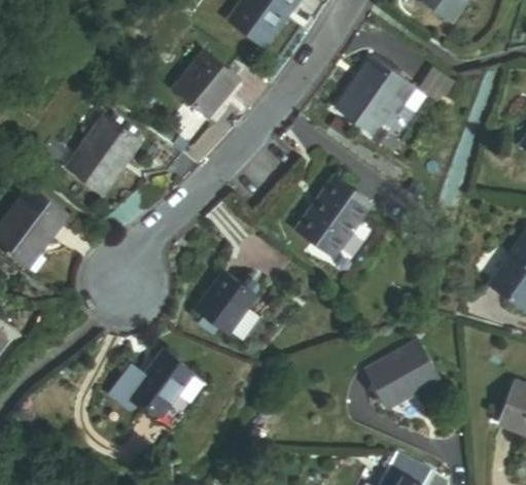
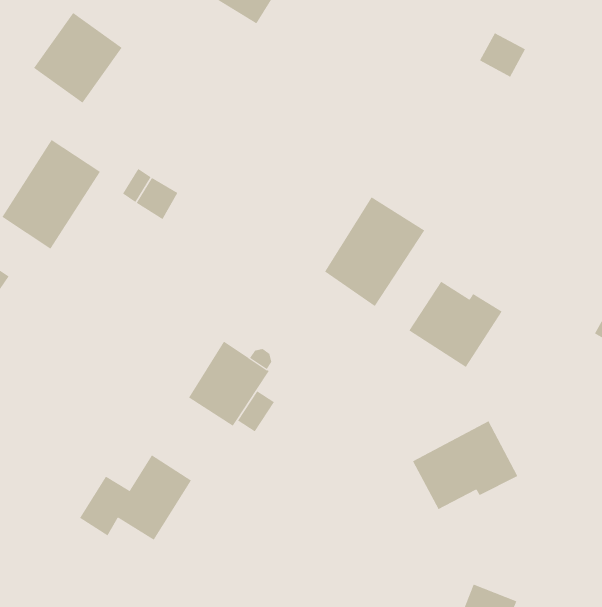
building: [175,51,240,117] -> [33,12,123,104]
building: [335,56,409,133] -> none
building: none -> [409,281,503,368]

